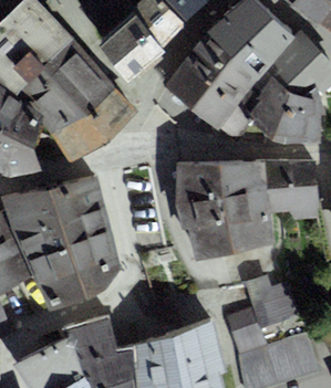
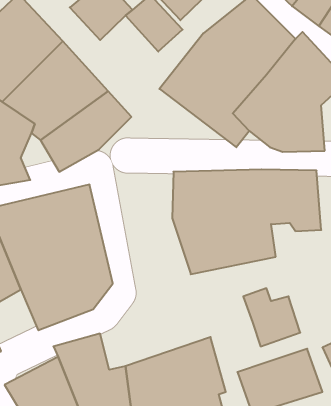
building: [99,15,164,81] -> none
building: [226,306,266,354] -> none

